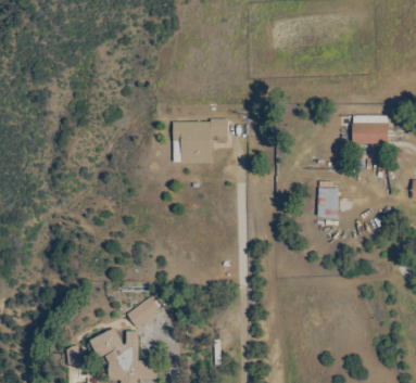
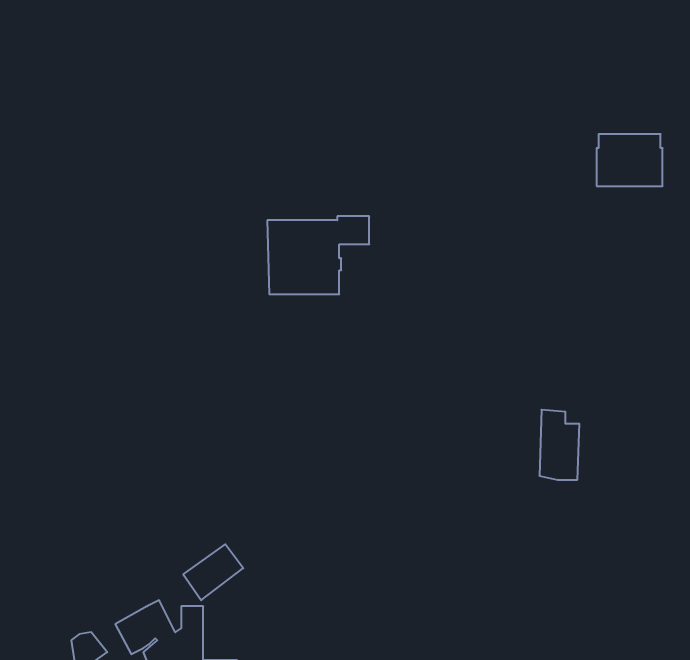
building: [352,115,388,143] -> [597,134,663,186]
building: [317,180,339,218] -> [539,410,579,480]

